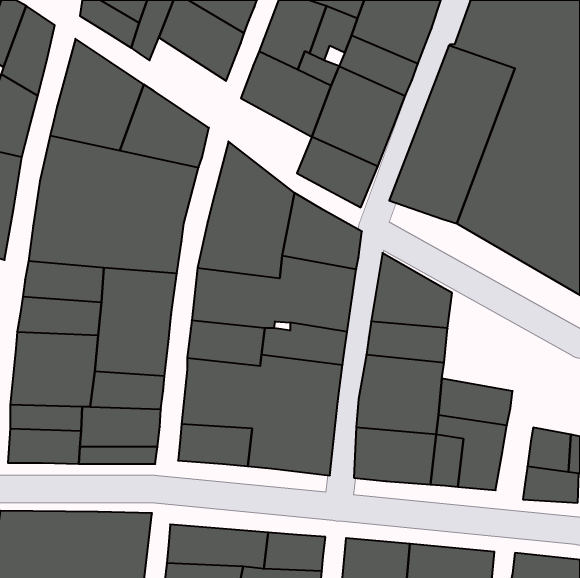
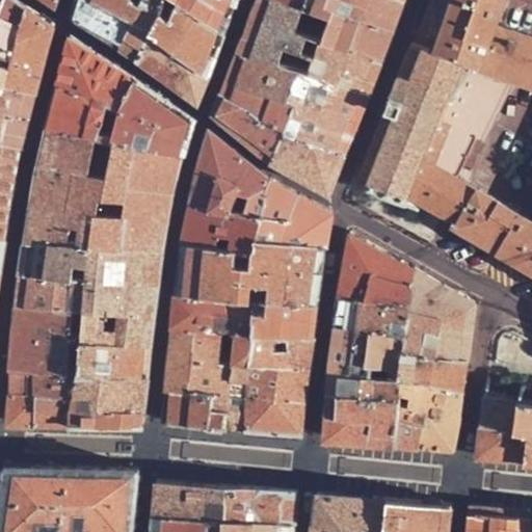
building: none -> [136,38,206,103]
building: none -> [212,94,284,162]
building: none -> [402,271,473,361]

